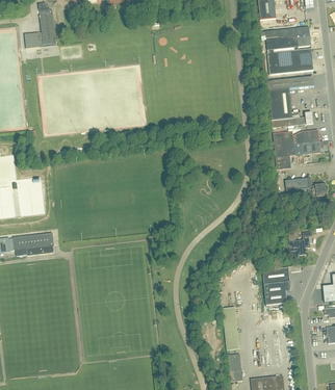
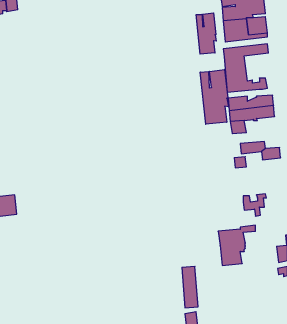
building: none -> [196,13,216,54]
building: none -> [200,69,228,124]

